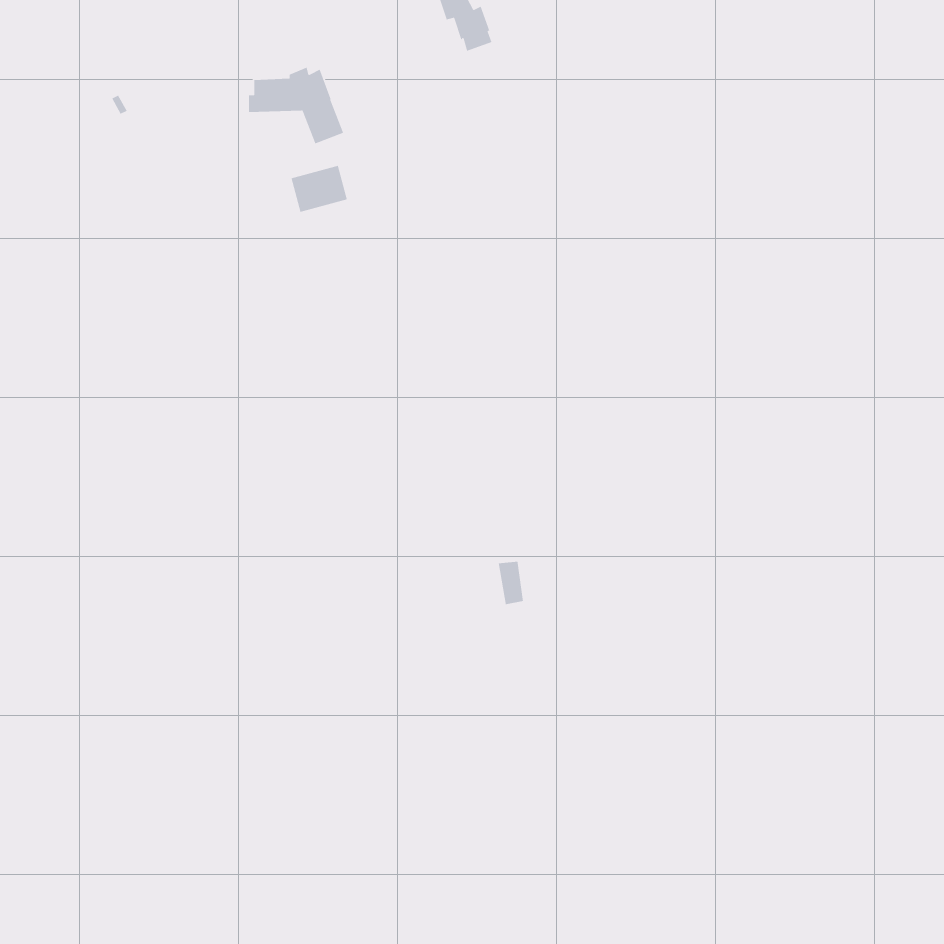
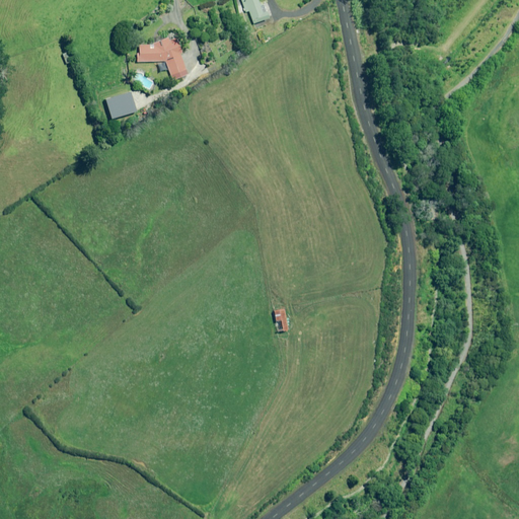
building: [290,165,348,213] -> [105,91,137,118]

